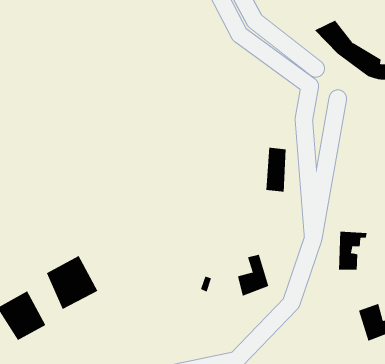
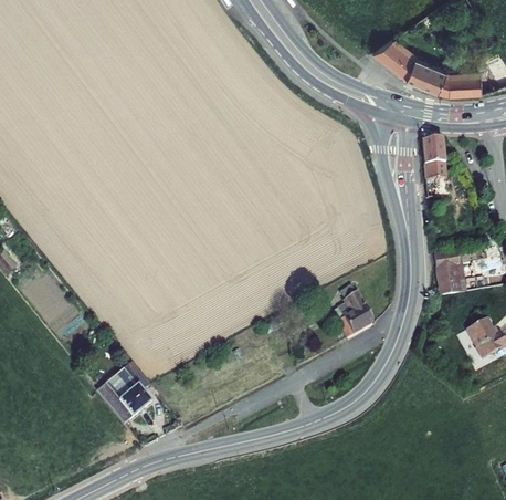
building: [265,147,287,192] -> [422,137,446,183]
building: [46,255,98,310] -> none

